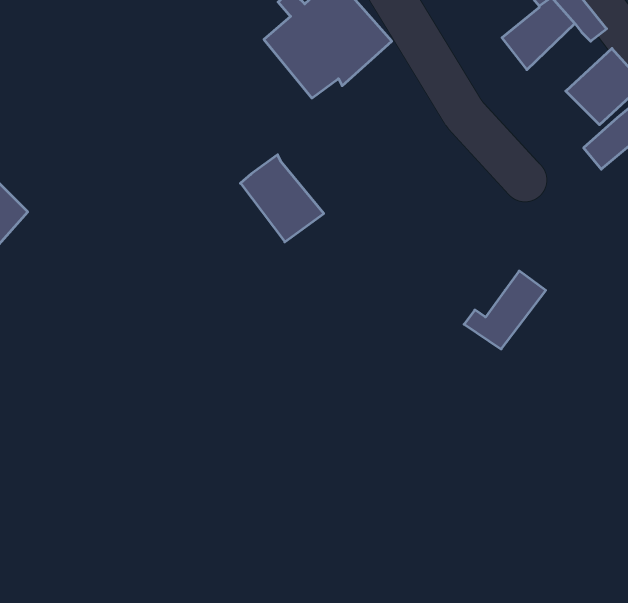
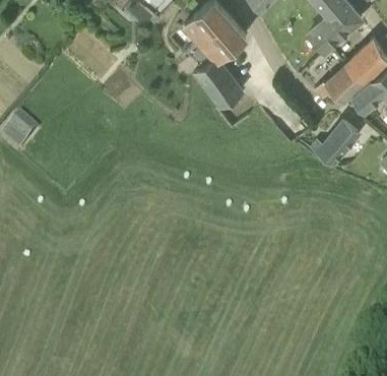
building: none -> [313,65,363,104]
building: [240,155,324,242] -> [192,58,240,108]
building: [464,271,546,349] -> [311,120,358,165]

